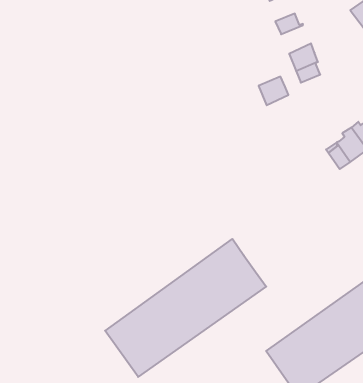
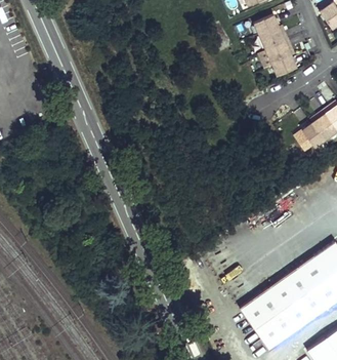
building: [259,77,288,105] -> [257,24,284,49]
building: [105,239,266,377] -> none

